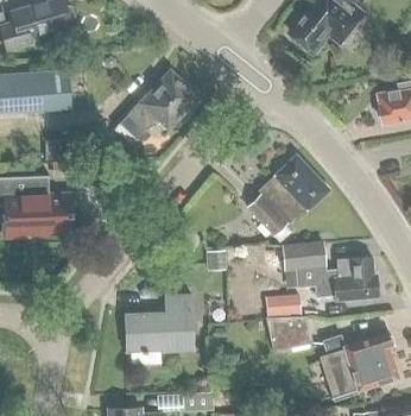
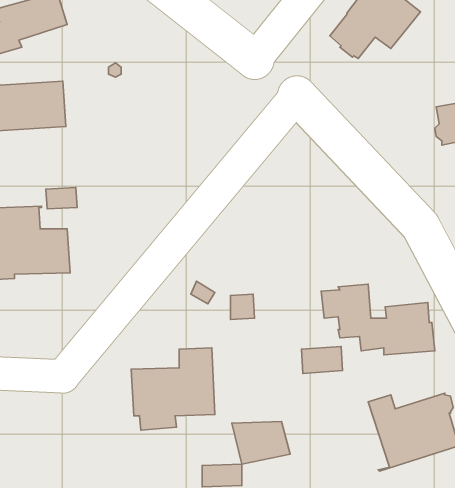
building: [114,71,197,146] -> none
building: [246,155,329,235] -> none
building: [265,316,314,352] -> [232,422,290,464]

